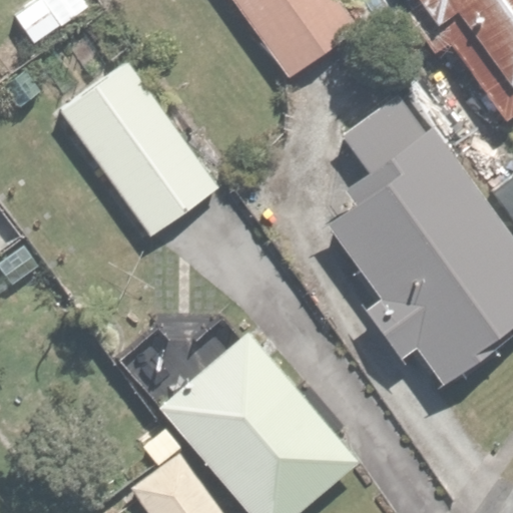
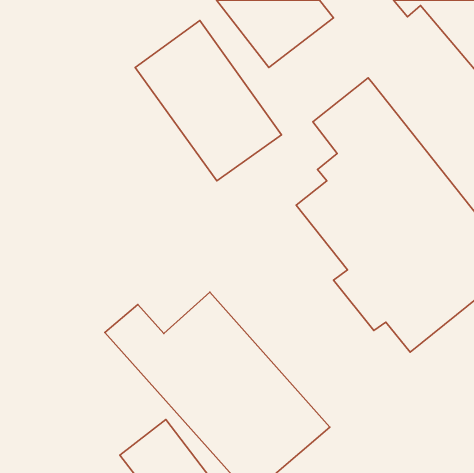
building: [62,63,218,234] -> [135,21,281,181]

